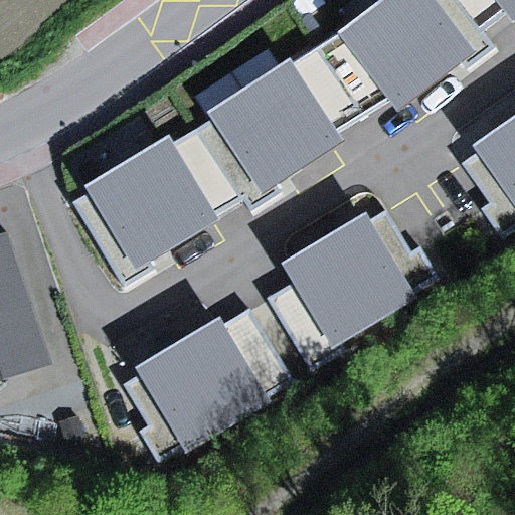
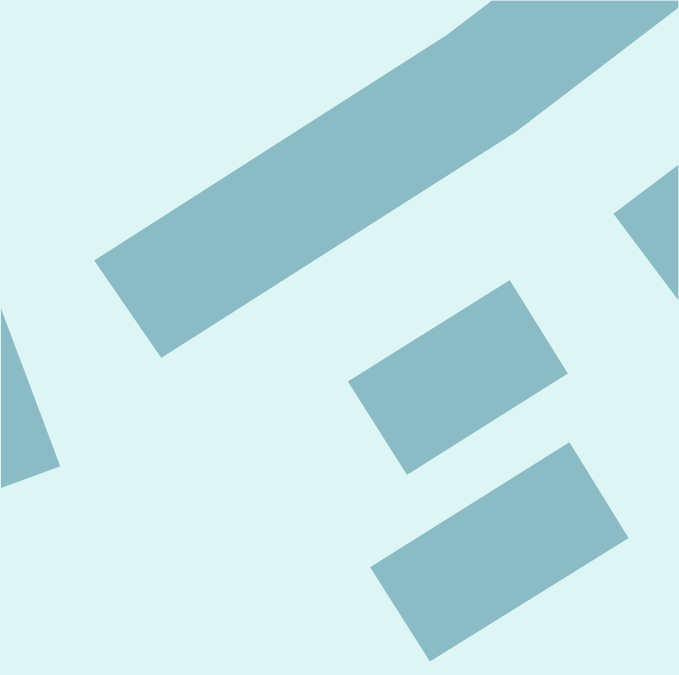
building: [123,308,291,457] -> none
building: none -> [369,441,629,662]

